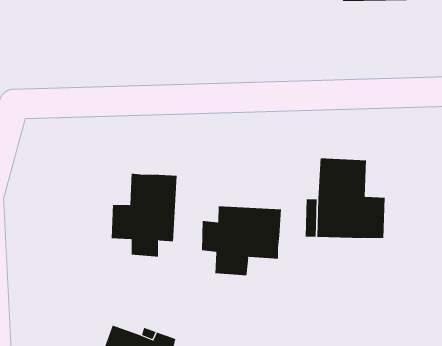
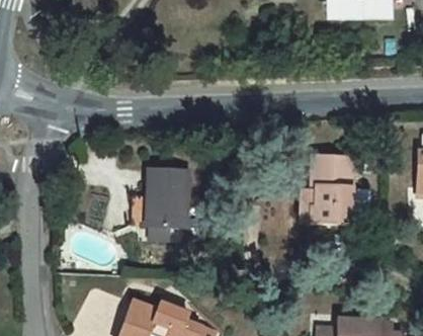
building: [202,205,281,276] -> none

